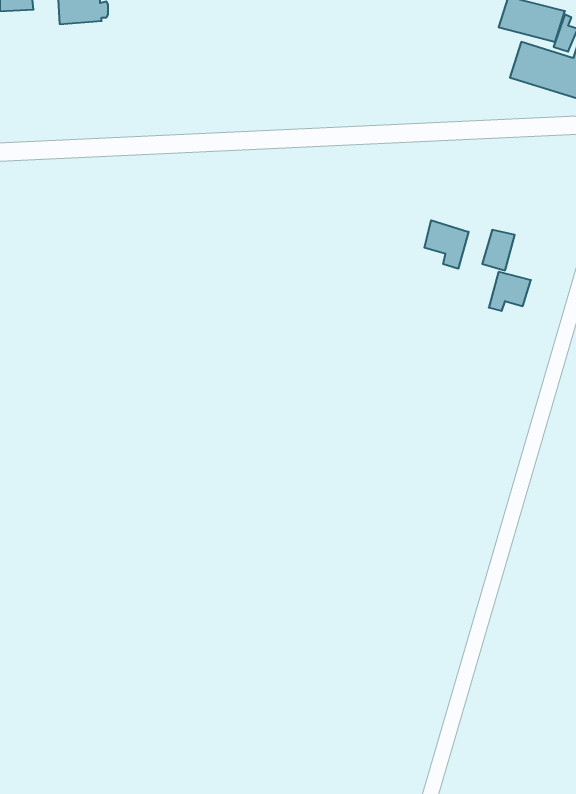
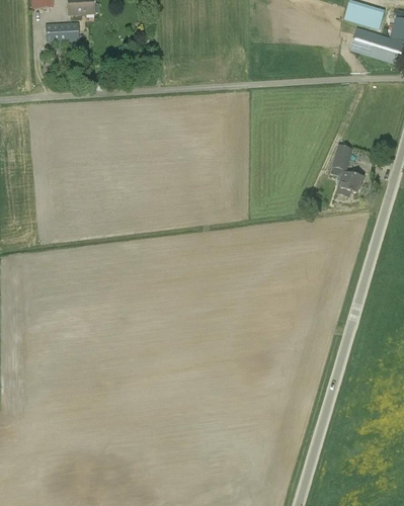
building: none -> [46,21,79,41]
building: [424,220,469,269] -> none

